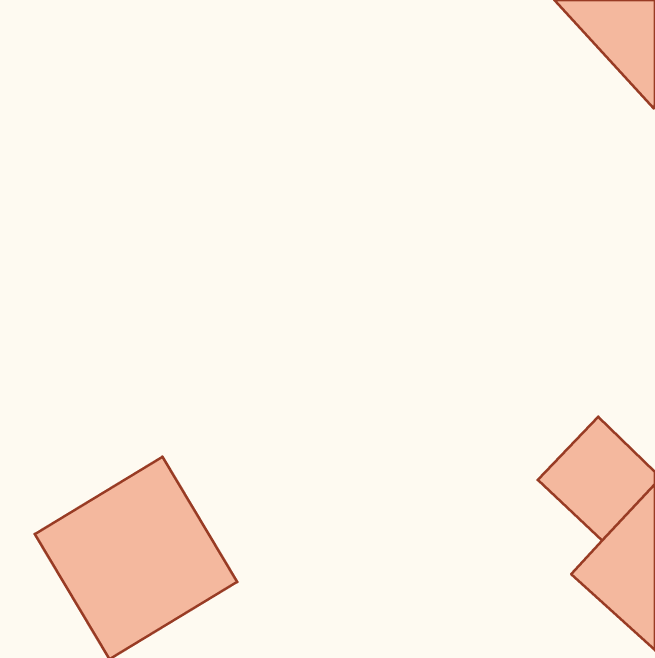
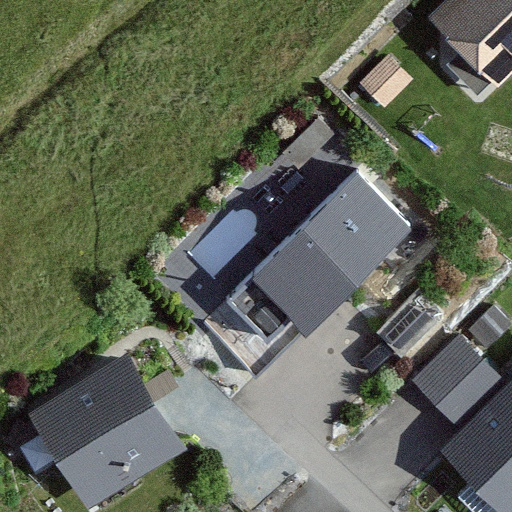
building: none -> [247,175,410,337]

